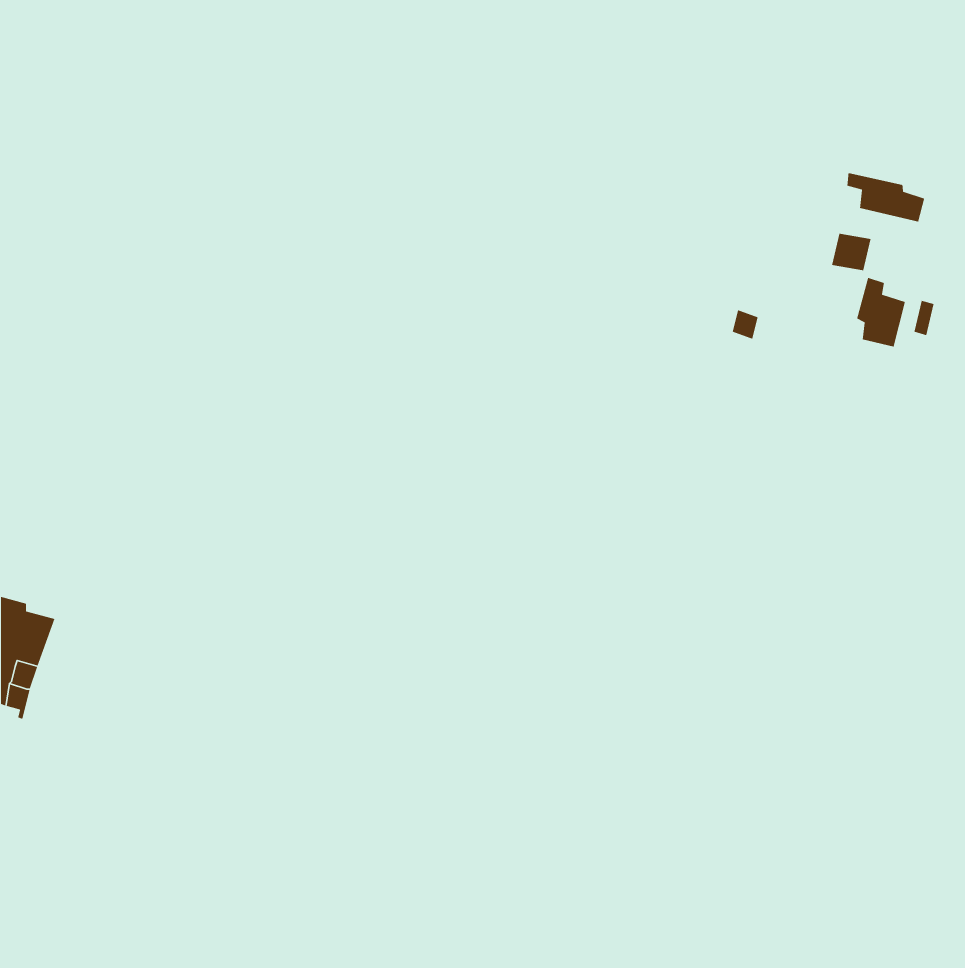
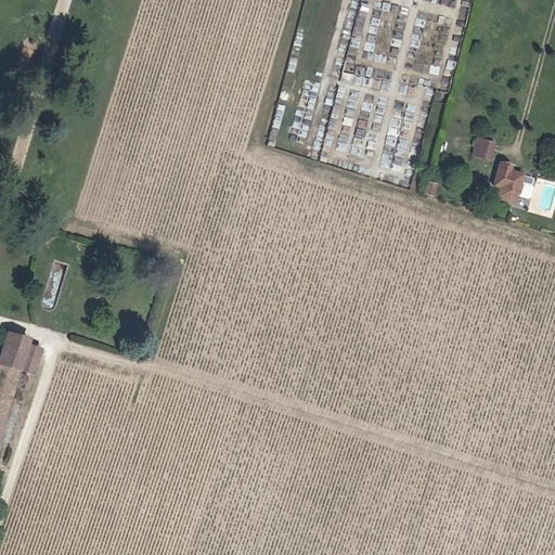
building: [847,172,925,222] -> none

